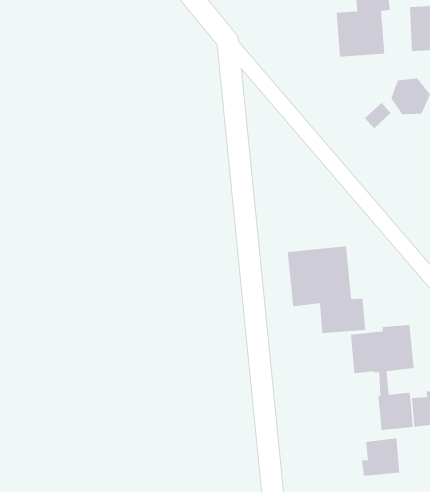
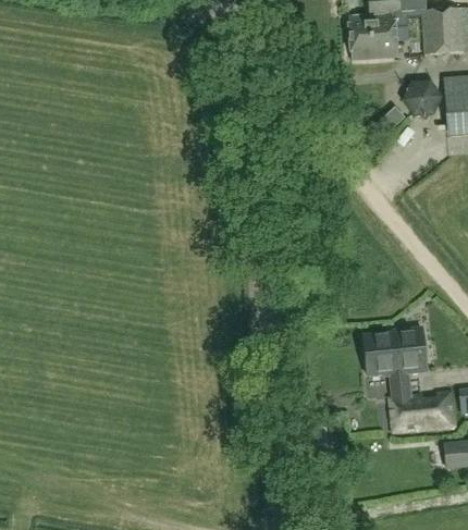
building: [287,245,366,334] -> none
building: [362,437,400,477] -> none

